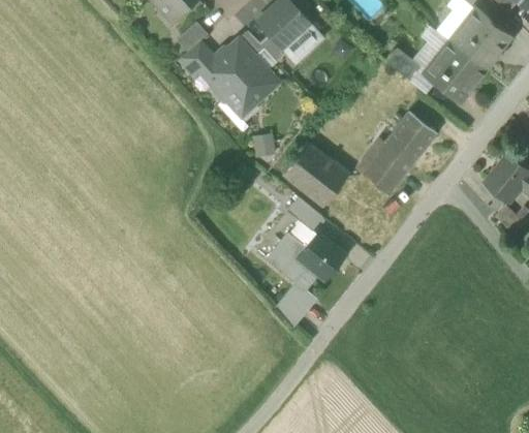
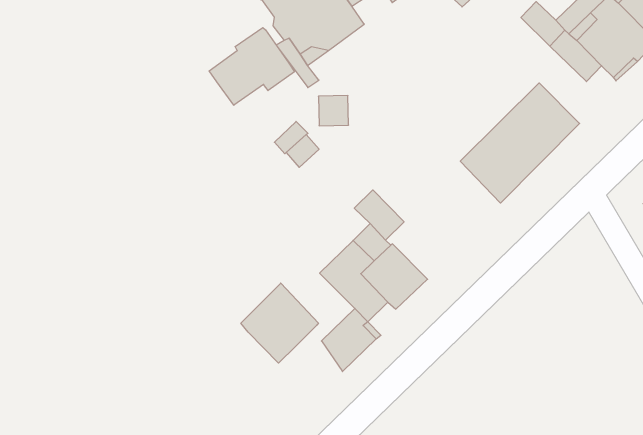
building: none -> [209,28,294,105]
building: [281,142,348,206] -> none
building: none -> [241,283,318,363]

